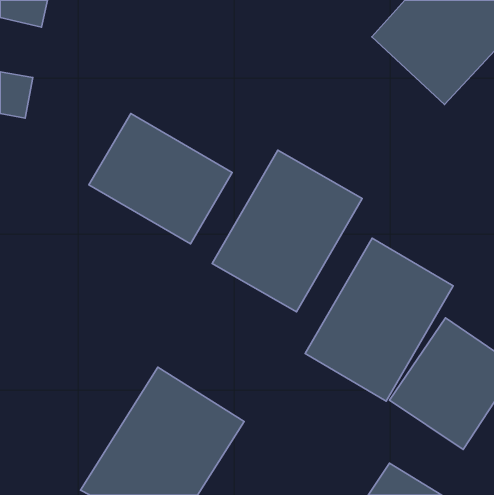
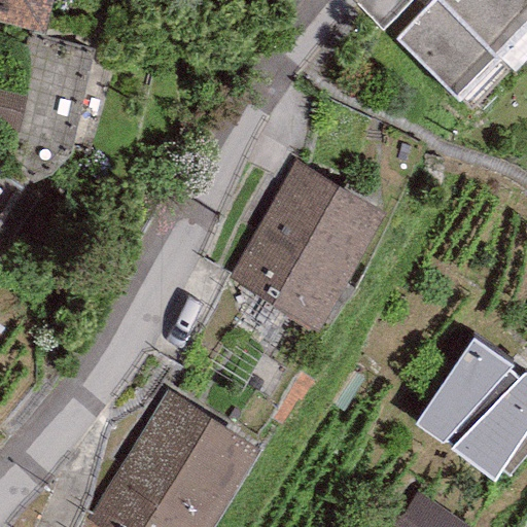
building: [89,113,232,244] -> none
building: [305,238,453,401] -> none

